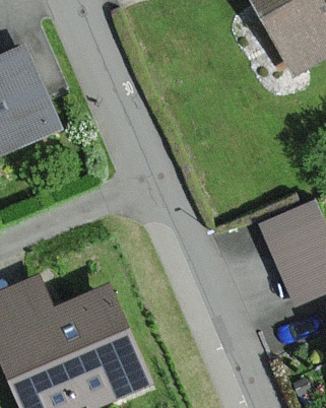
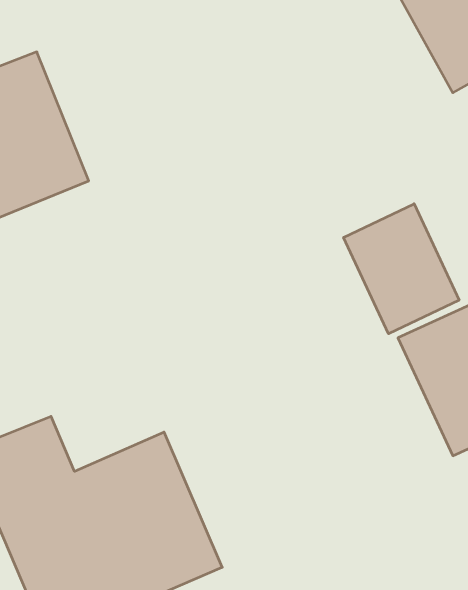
building: none -> [344,204,459,334]

